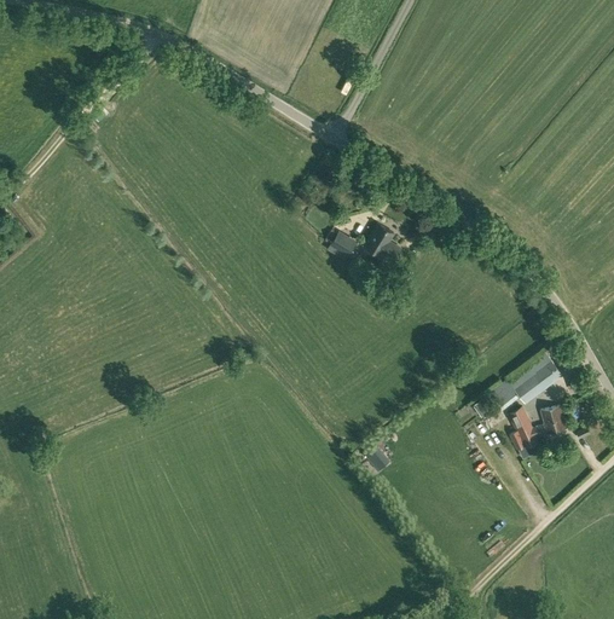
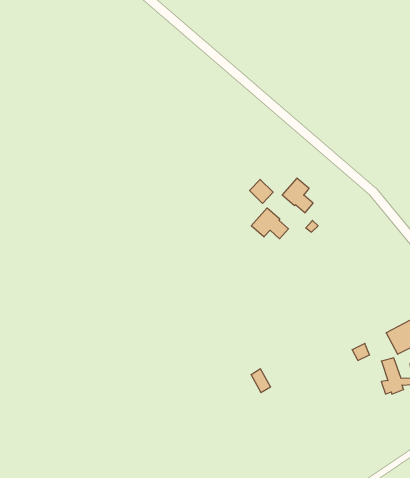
building: none -> [251,208,288,239]

